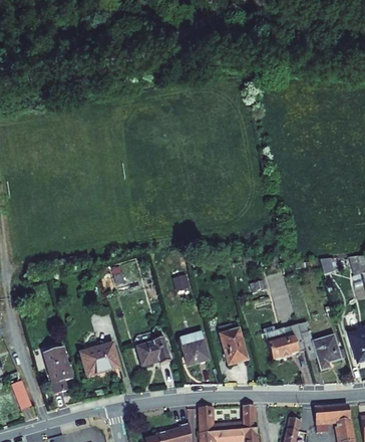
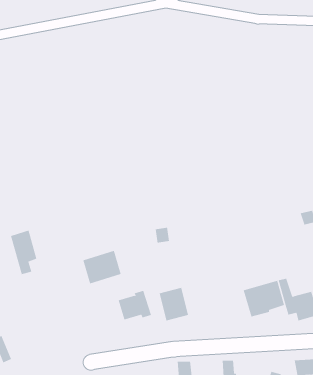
building: [218,330,246,366] -> none
building: [79,343,118,377] -> [82,250,121,284]
building: [43,349,70,394] -> [10,230,37,275]

